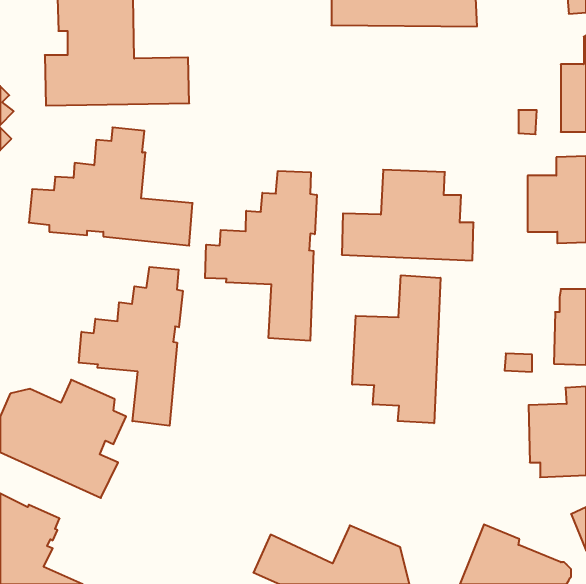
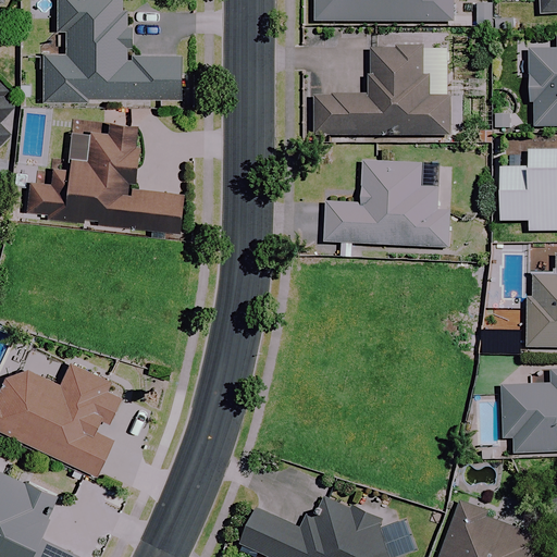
building: none -> [311,46,451,135]
building: [205,171,317,341] -> none
building: [79,267,183,426] -> none
building: [352,275,440,423] -> none

